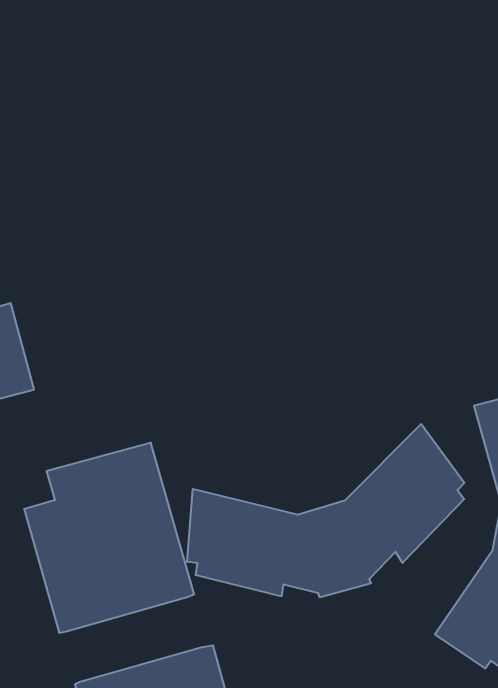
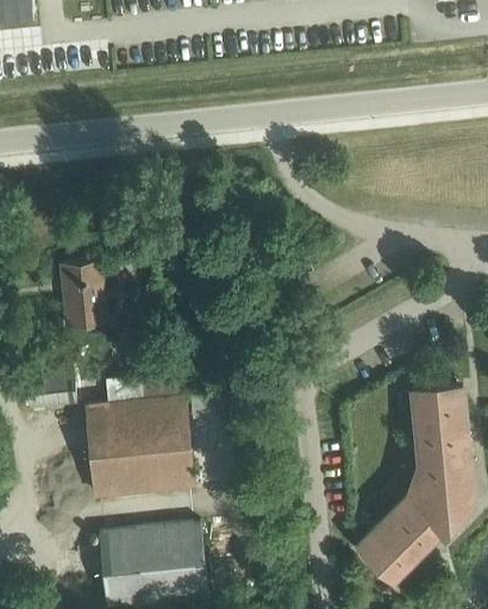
building: [187,424,464,597] -> none

